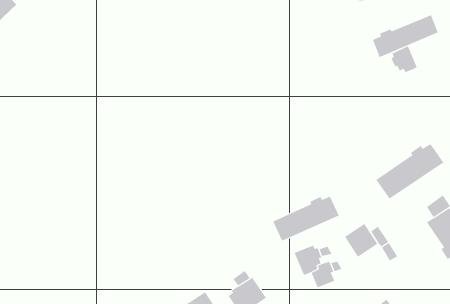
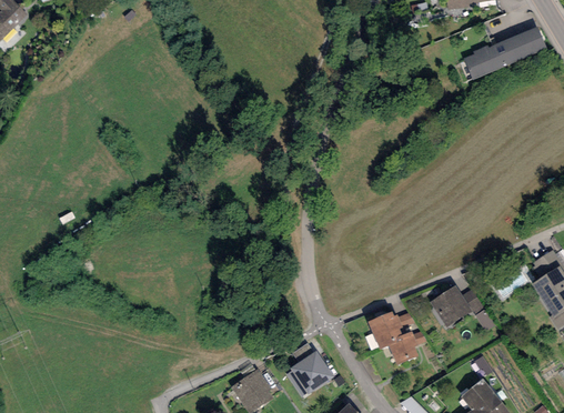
building: [391,45,418,73] -> none
building: [376,143,444,199] -> none
building: [272,196,339,241] -> none

